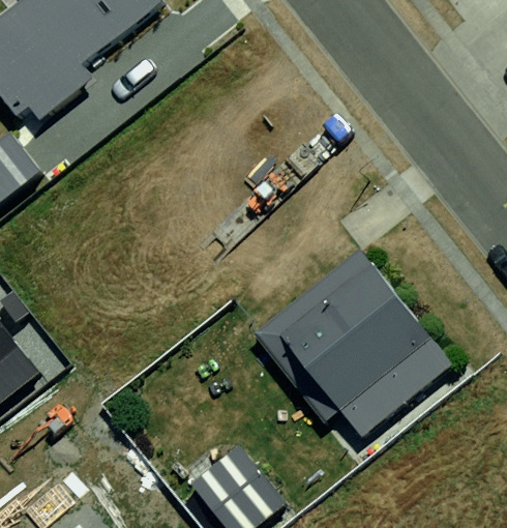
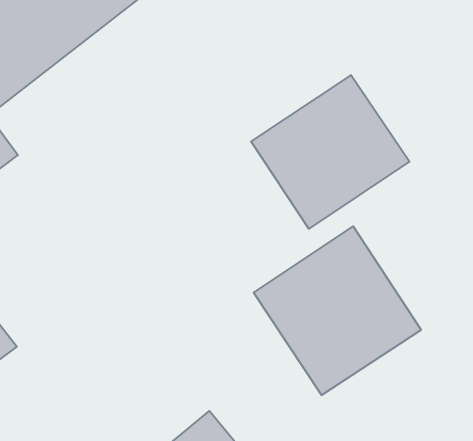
building: none -> [251,75,409,229]

